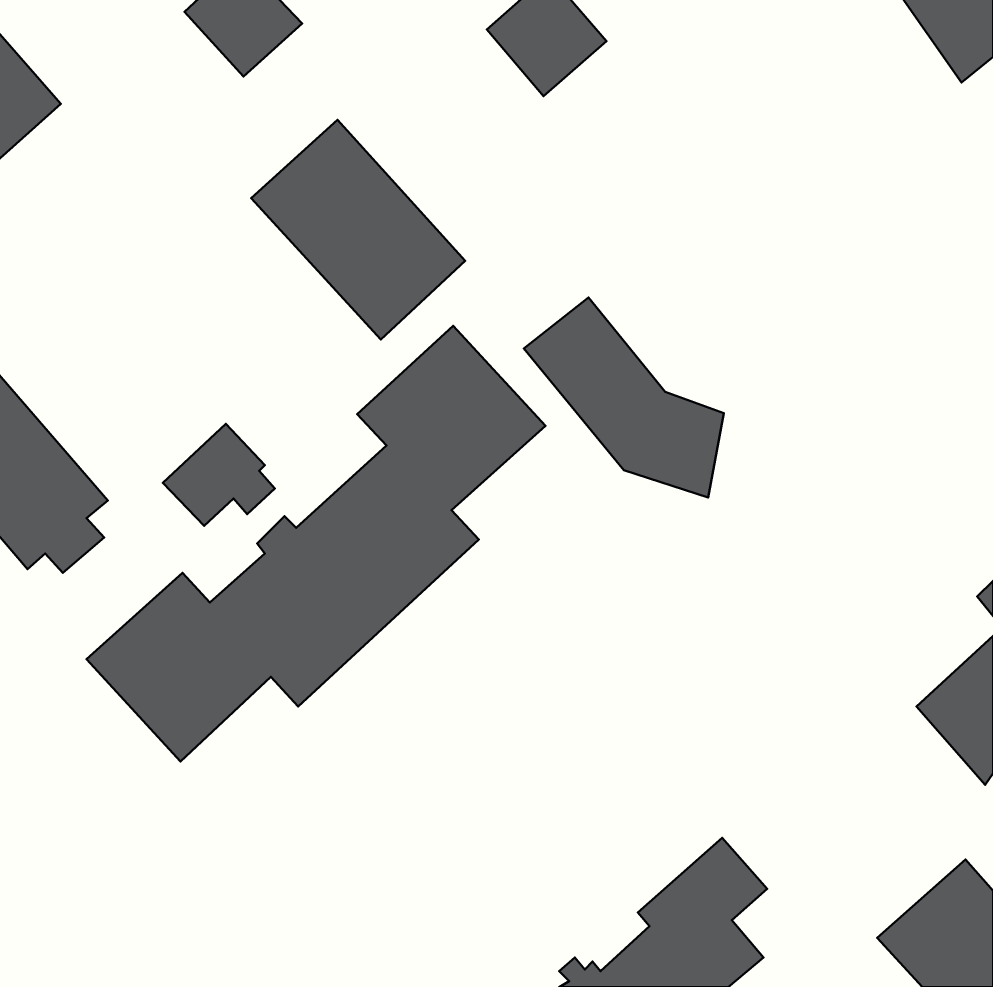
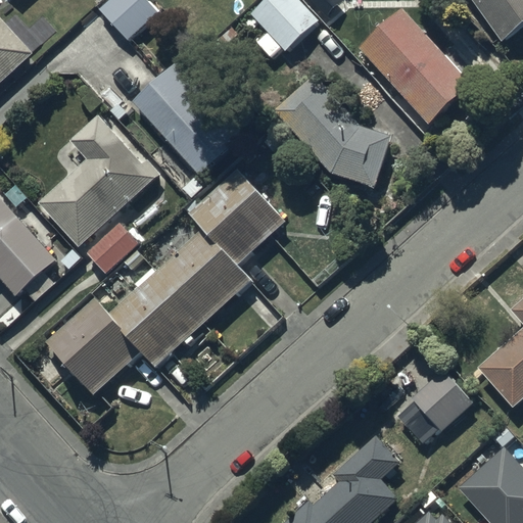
building: none -> [356,8,471,126]
building: none -> [37,115,160,248]
building: [524,298,724,498] -> [285,78,389,182]
building: none -> [395,369,473,443]

